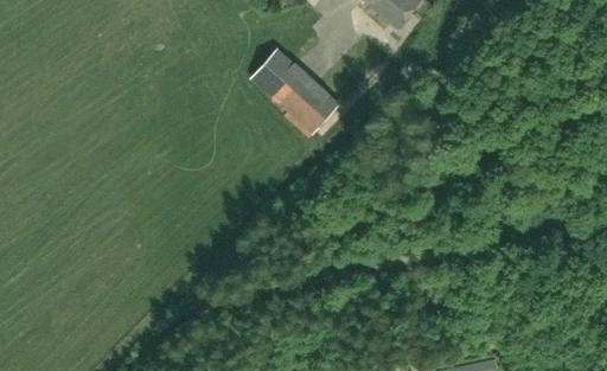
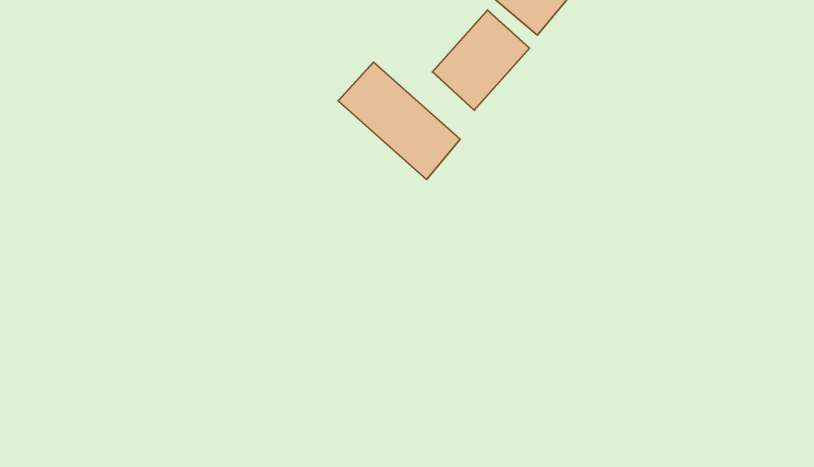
building: none -> [432,10,529,110]

